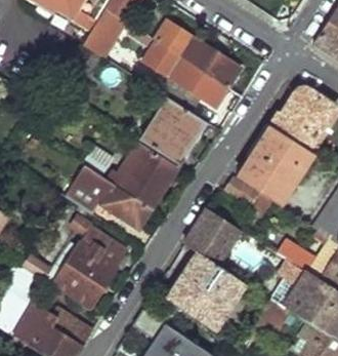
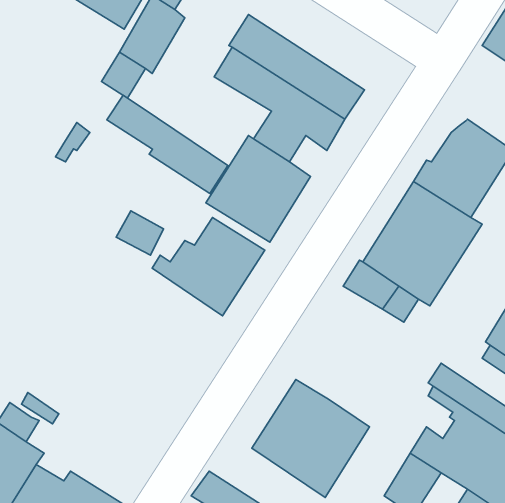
building: [75,167,151,229] -> [107,95,228,193]
building: [184,208,240,264] -> none
building: [53,221,127,309] -> none

